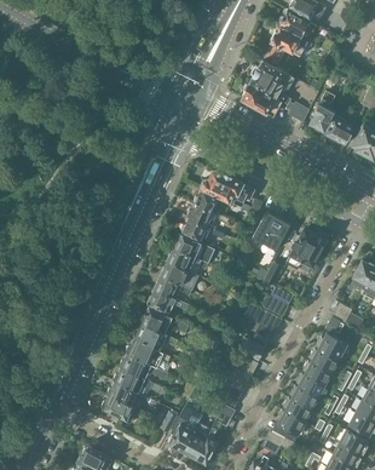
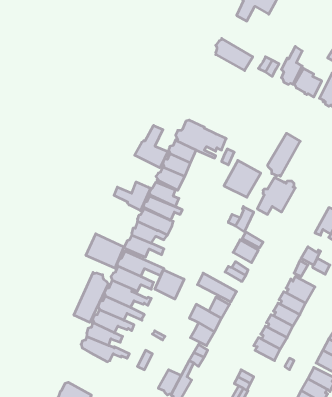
building: [249,61,294,105] -> none
building: none -> [135,125,168,168]
building: none -> [268,133,300,176]
building: none -> [114,182,150,211]
building: none -> [86,234,124,268]
building: none -> [155,270,184,299]
building: none -> [74,272,108,322]
building: [169,408,194,452] -> none
building: [277,411,305,443] -> none

